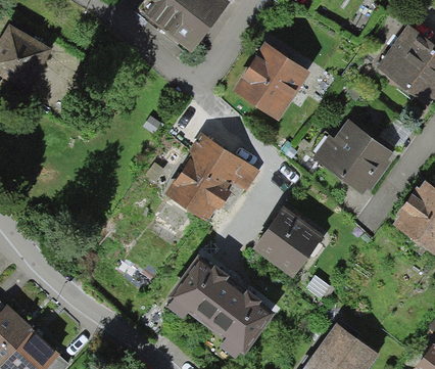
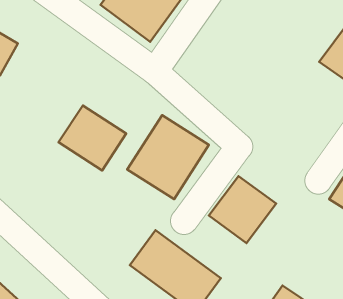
building: [233,43,310,123] -> none
building: [317,120,392,193] -> none
building: none -> [59,106,126,170]

